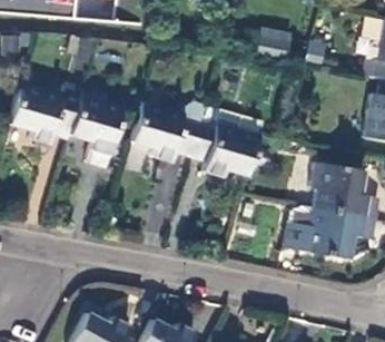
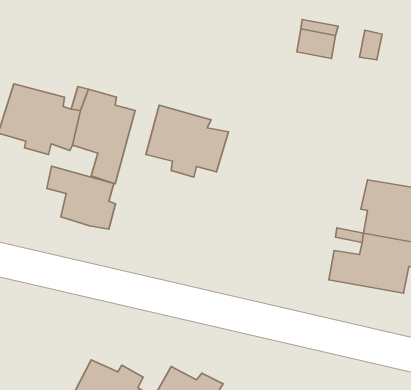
building: [191,105,261,177] -> none
building: none -> [47,166,115,229]

